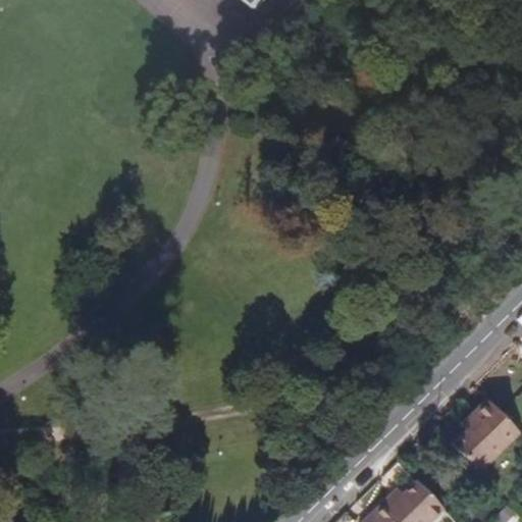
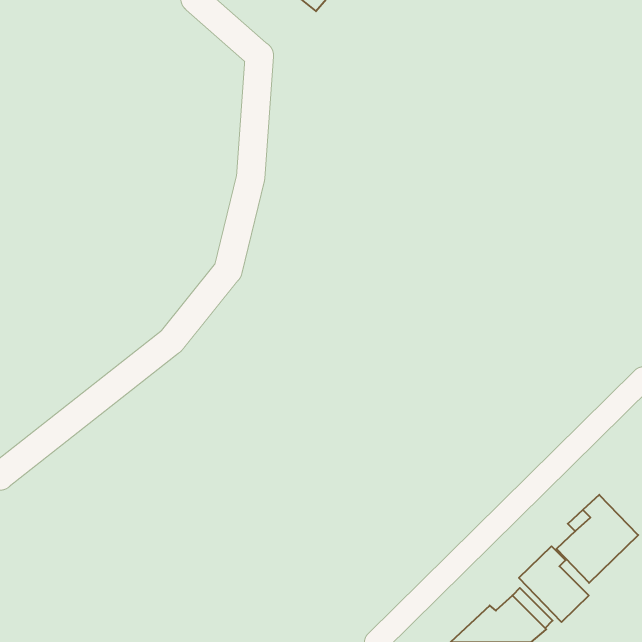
building: none -> [519,546,589,622]

